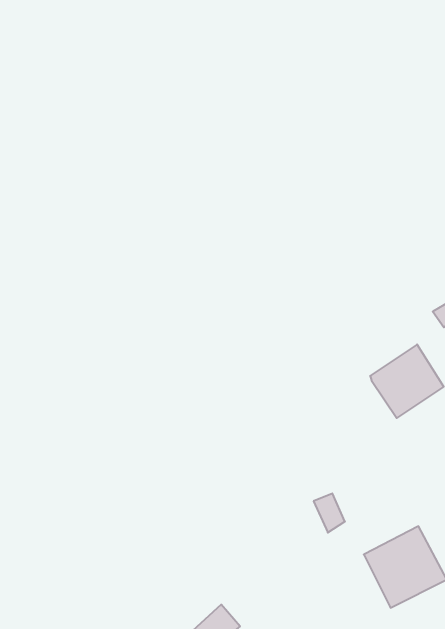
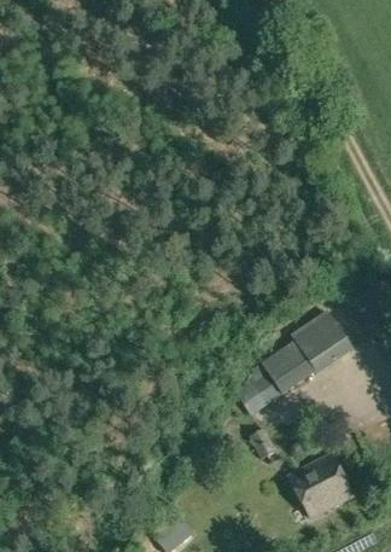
building: none -> [252,341,315,403]

